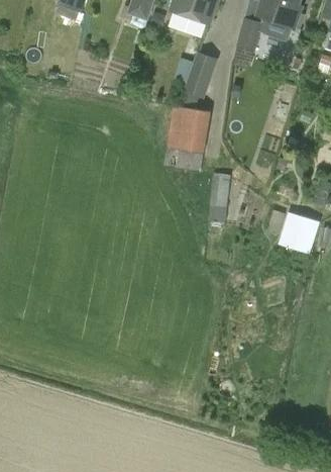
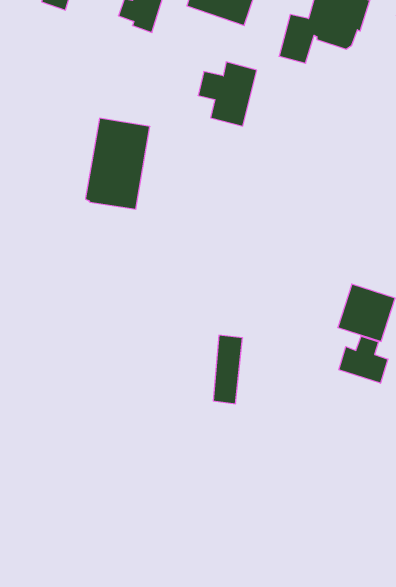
building: [162,106,209,172] -> [86,118,150,209]
building: [208,173,229,222] -> [213,335,243,404]
building: none -> [339,336,388,383]

